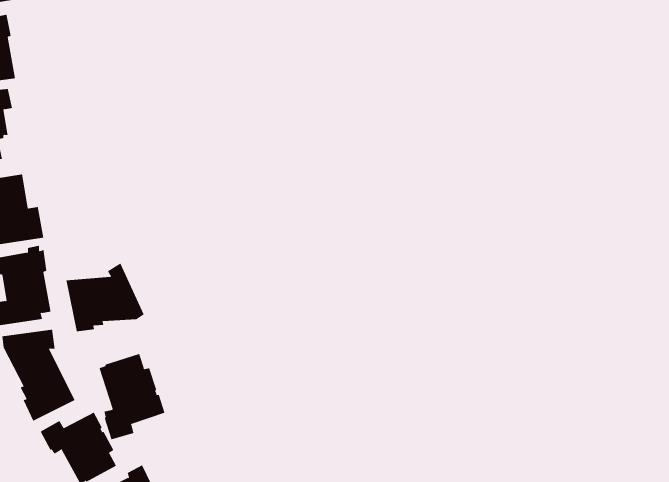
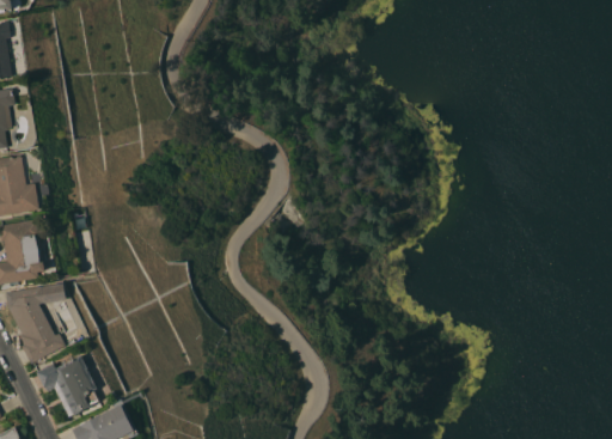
building: [66,262,144,332] -> none
building: [99,353,165,440] -> none

